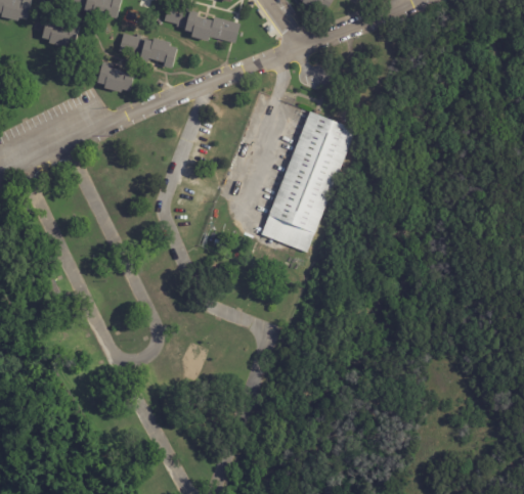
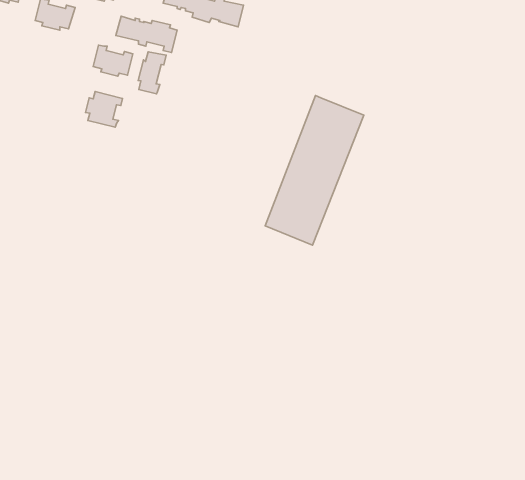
building: none -> [138,52,166,94]
building: none -> [85,92,123,127]

